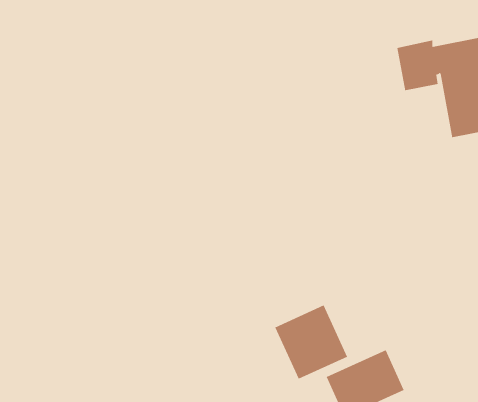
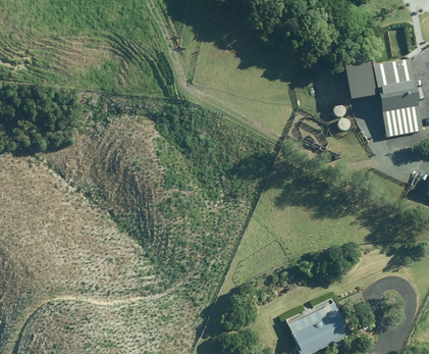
building: [274,305,348,380] -> none

